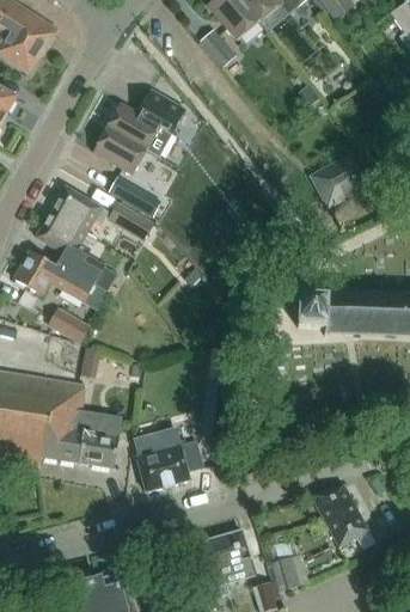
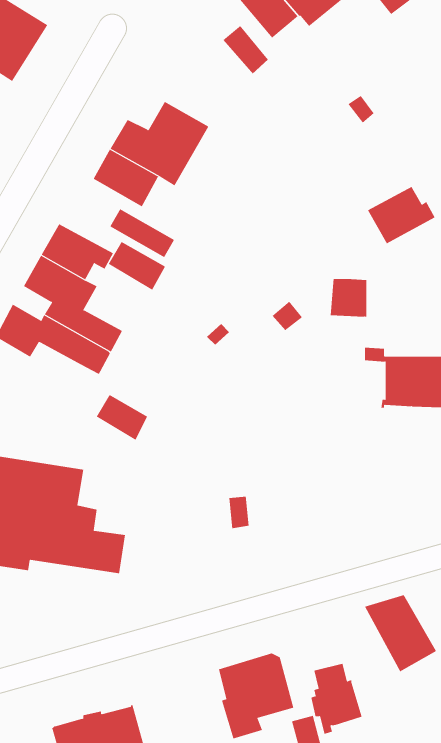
building: [298,296,328,328] -> [330,278,367,317]
building: [45,306,87,343] -> [96,394,148,440]
building: [136,441,203,491] -> none

